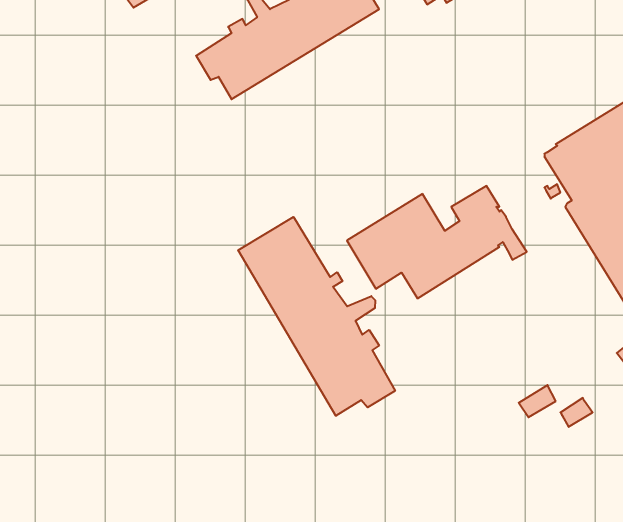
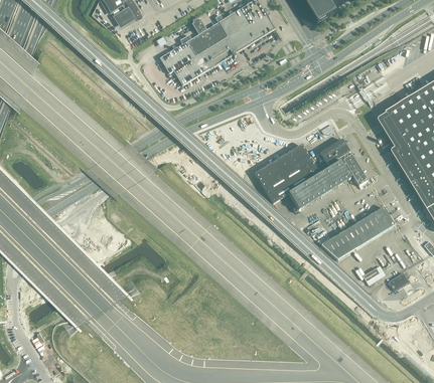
building: [238,217,395,416] -> none
building: none -> [320,204,395,257]

